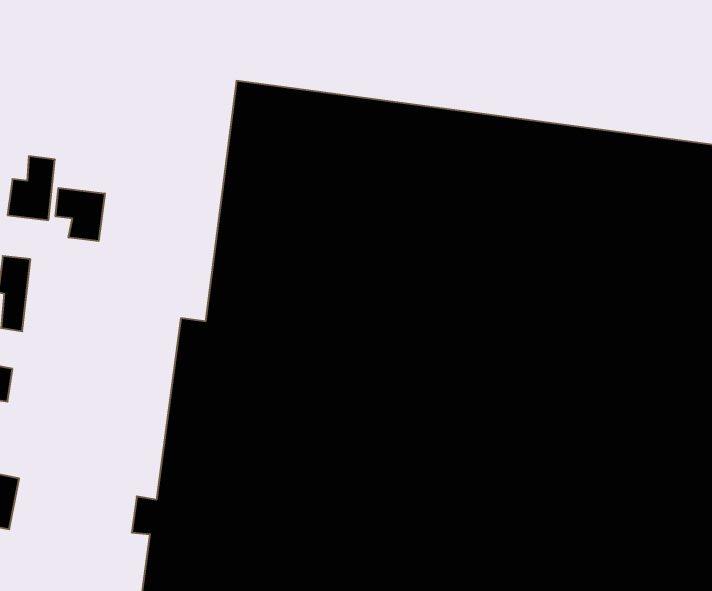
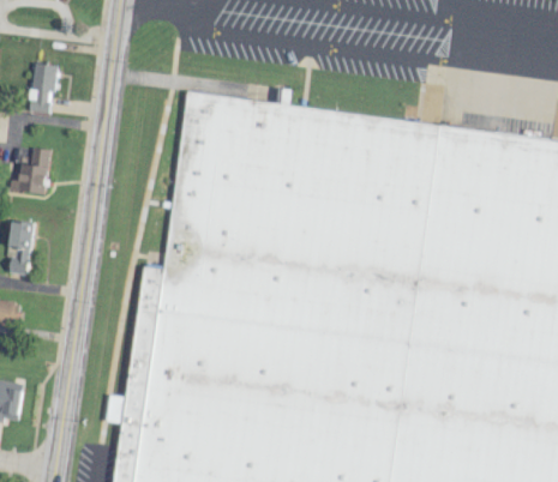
building: none -> [29,64,55,113]
building: [56,188,105,241] -> none

